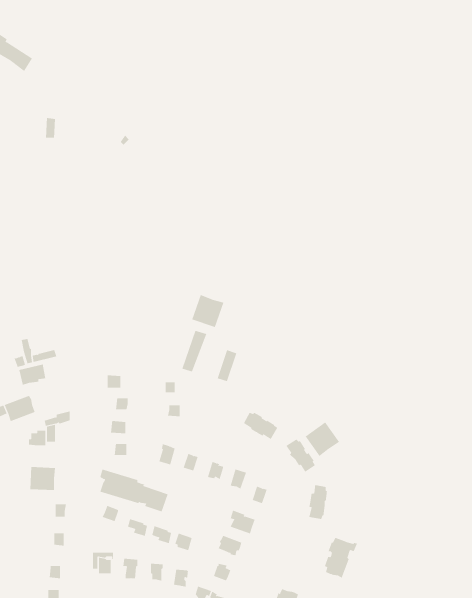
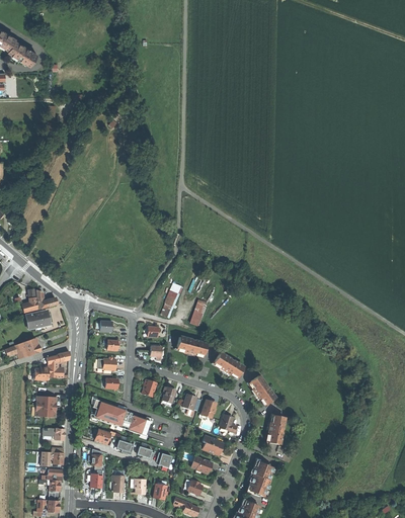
building: [192,294,224,328] -> none
building: none -> [175,336,205,354]
building: [305,422,340,457] -> none
building: [324,537,358,578] -> [248,460,276,495]

